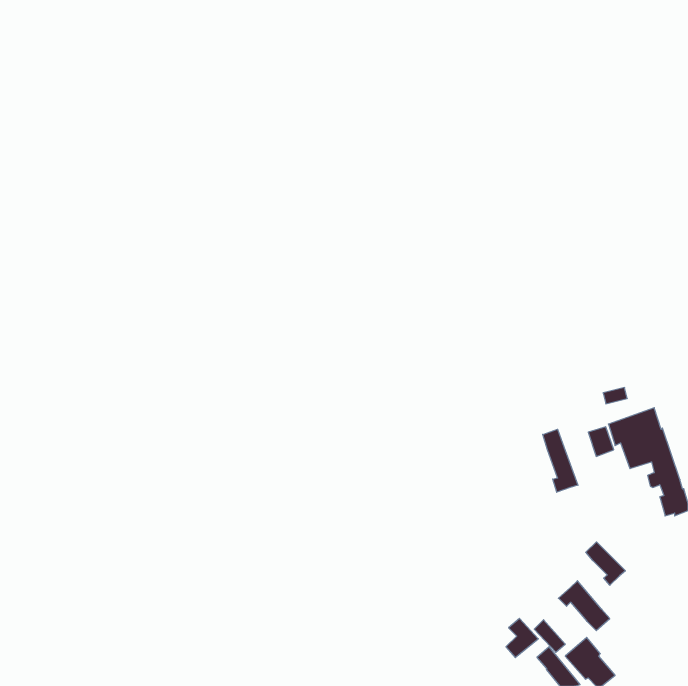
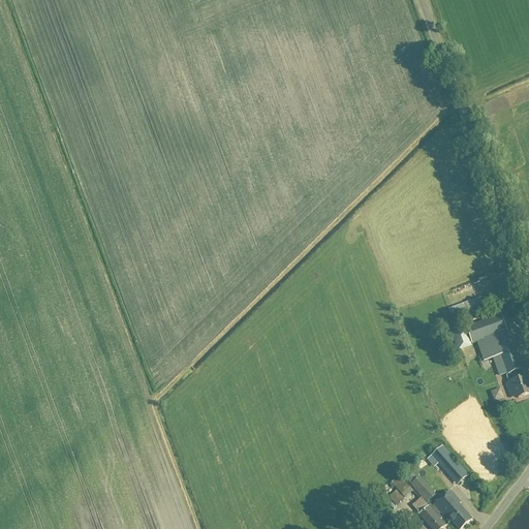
building: [543,429,578,492] -> none
building: [586,542,625,585] -> none

